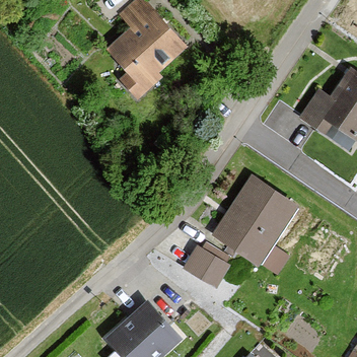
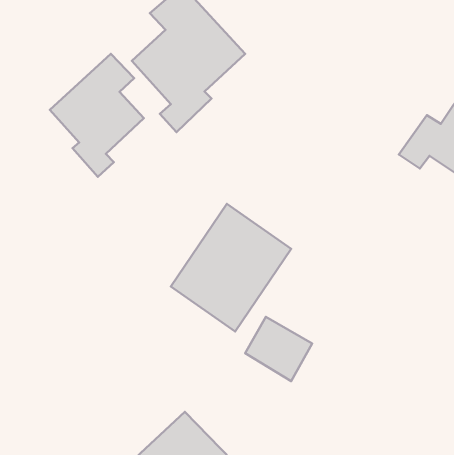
building: none -> [50,54,144,177]
building: [211,174,298,267] -> [171,204,291,331]

